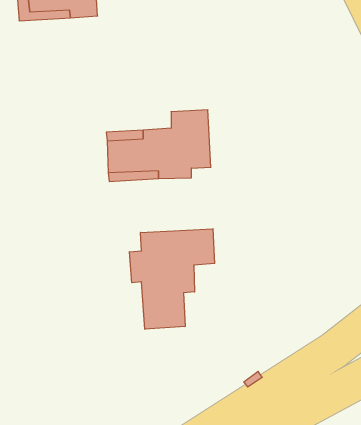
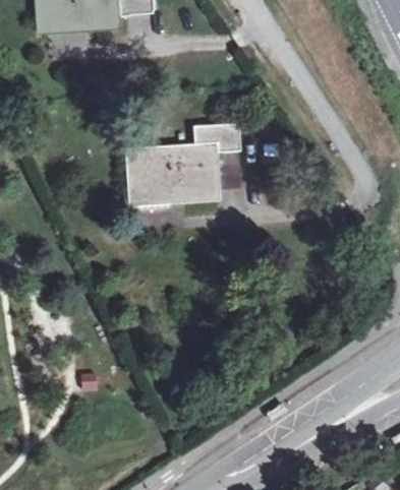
building: [129,229,215,329] -> none

